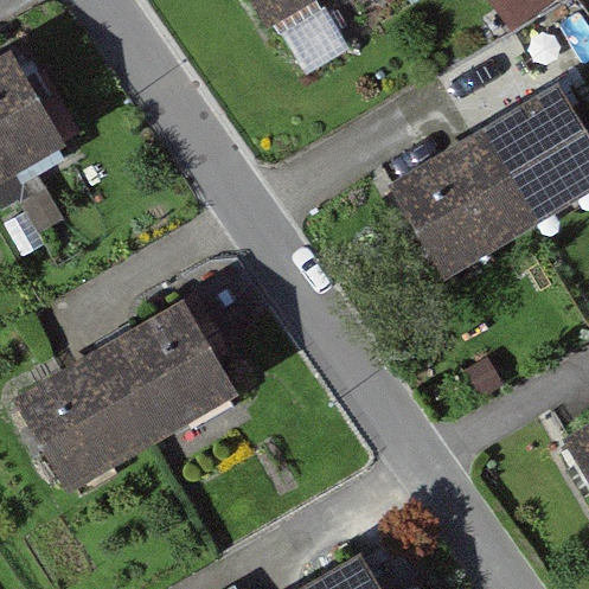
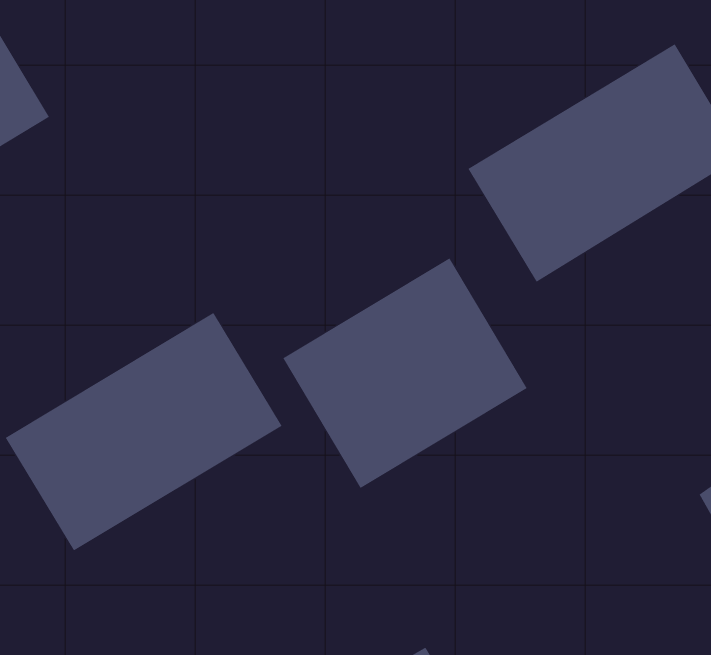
building: none -> [282,258,527,489]

